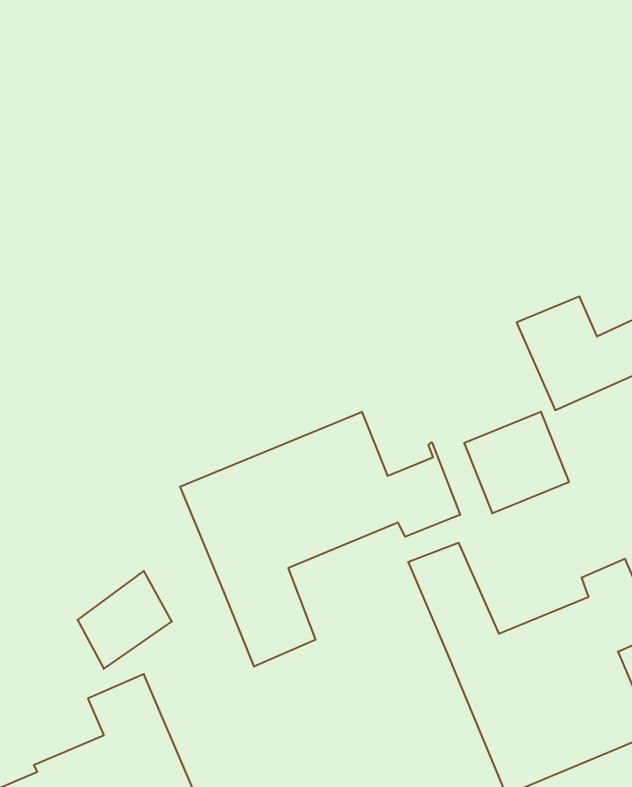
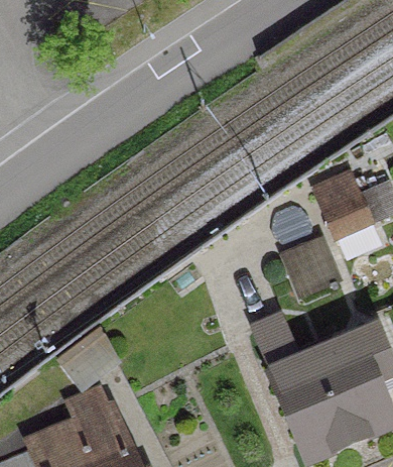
building: [180,412,460,667] -> none

